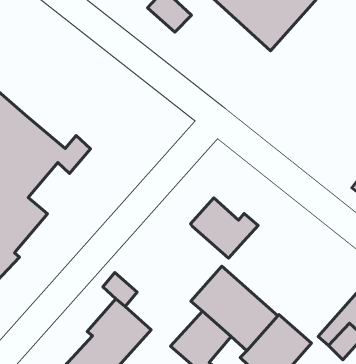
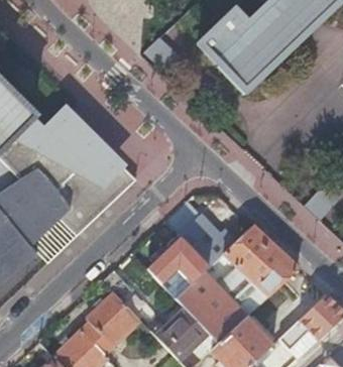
building: none -> [31,114,135,261]
building: none -> [223,225,298,293]
building: none -> [146,235,209,297]

